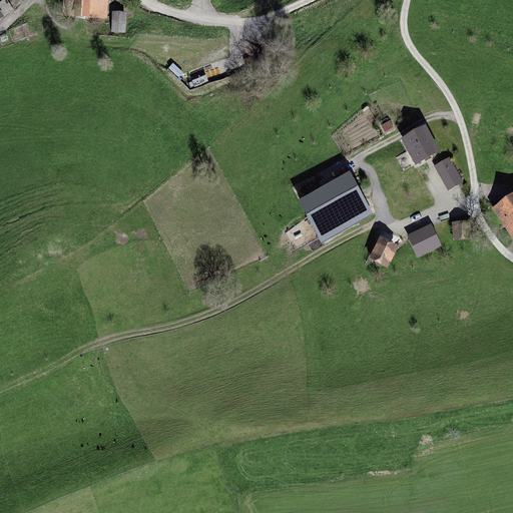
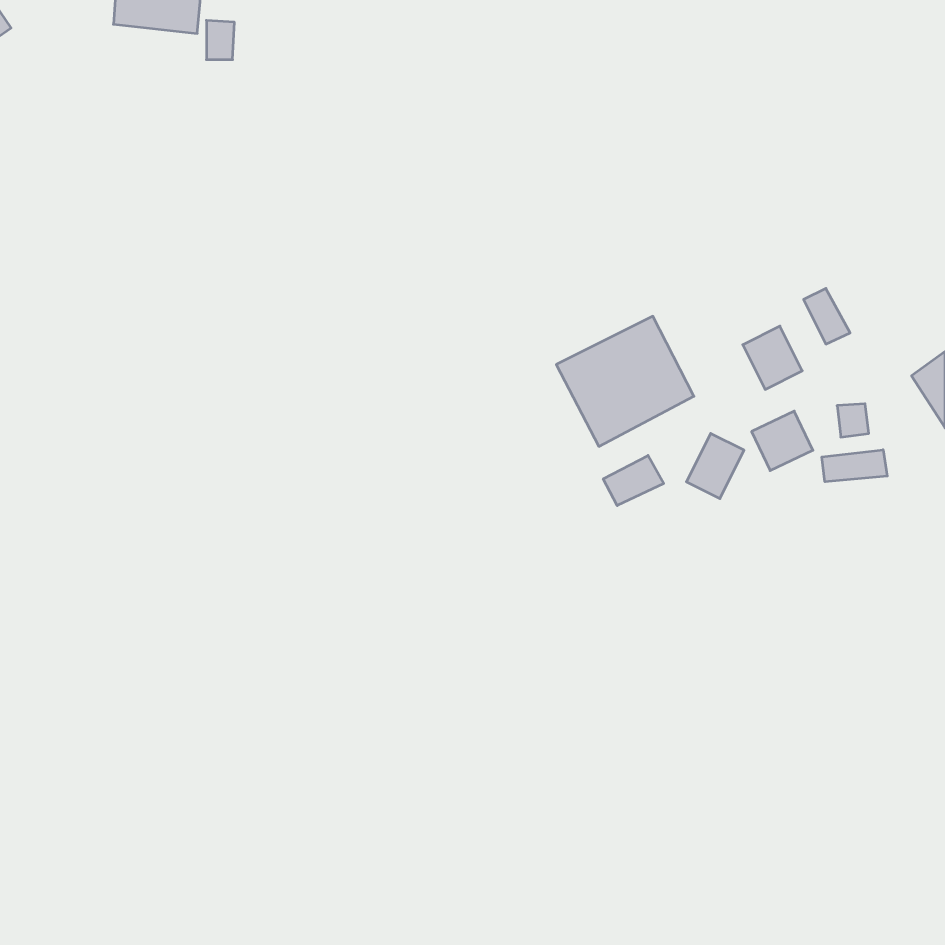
building: [403,123,435,157] -> [743,326,802,389]
building: none -> [822,450,887,482]
building: none -> [603,455,664,506]

